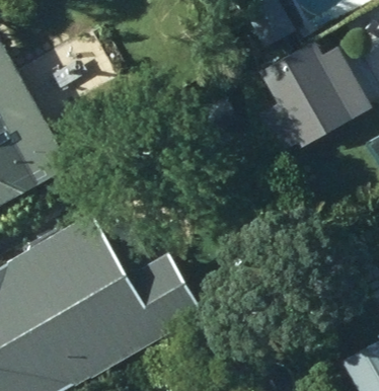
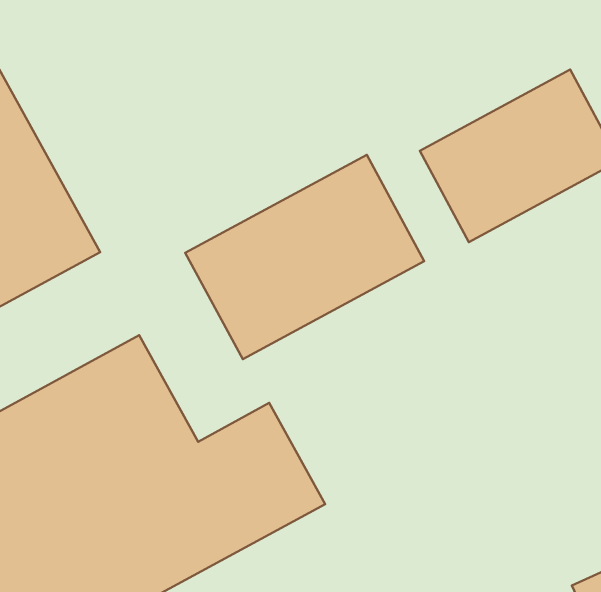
building: none -> [185,155,424,359]

